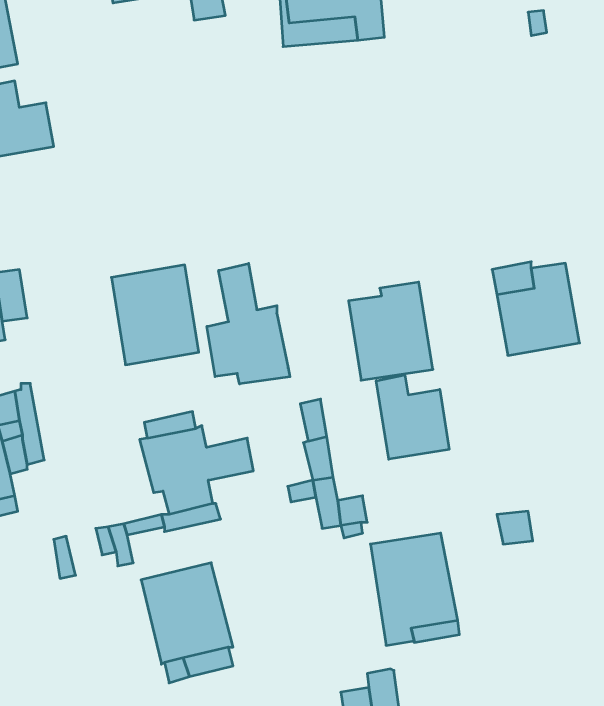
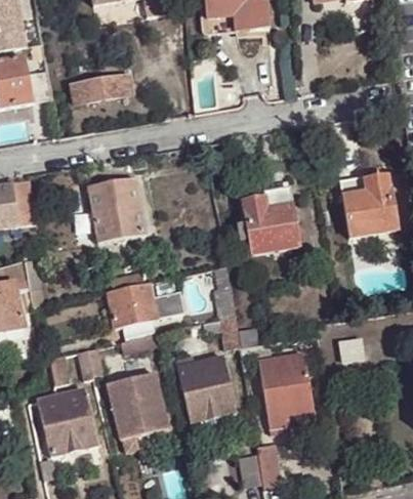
building: none -> [71,76,131,107]
building: [207,263,290,384] -> none
building: [376,375,449,459] -> none
building: none -> [177,356,236,421]
building: none -> [37,387,97,456]

